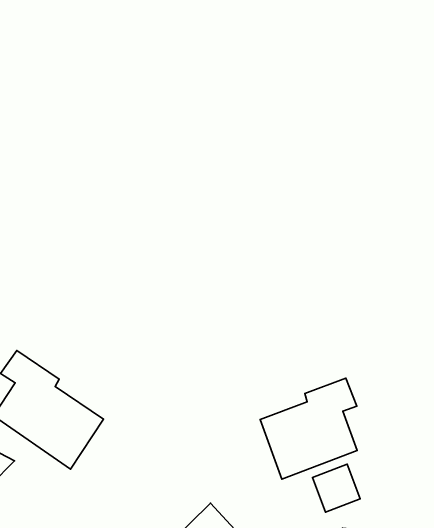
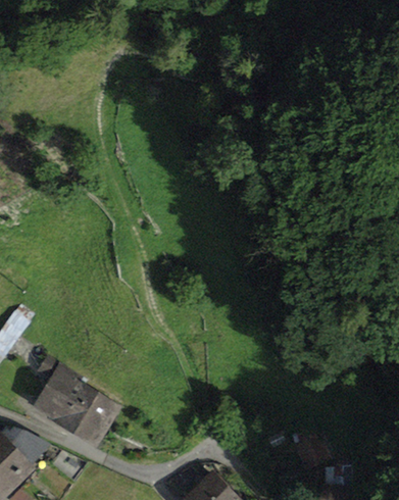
building: [260,378,357,479] -> none

